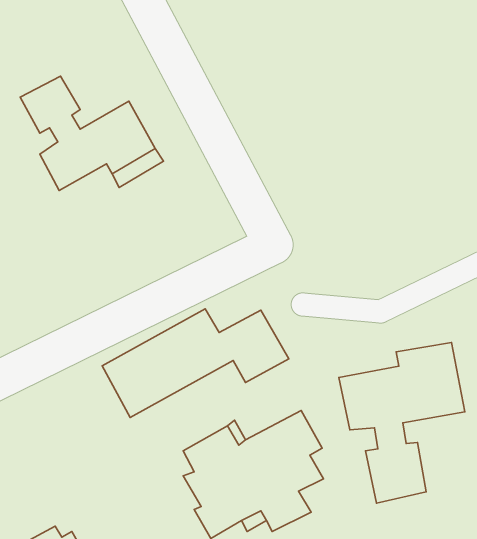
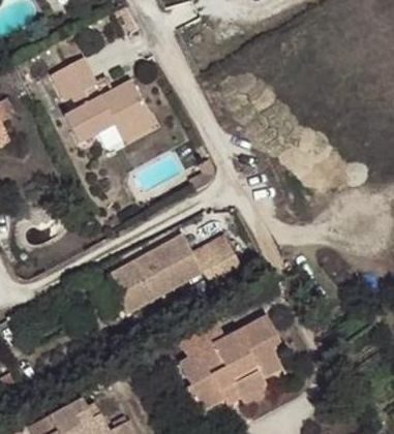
building: [339,343,465,503] -> none

